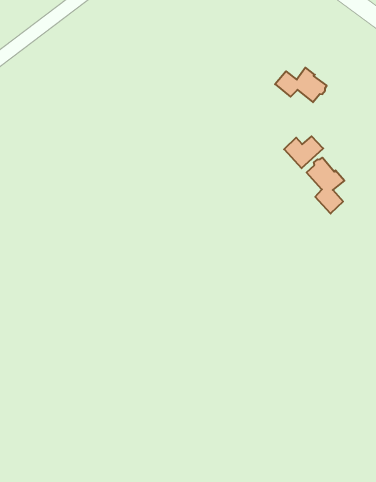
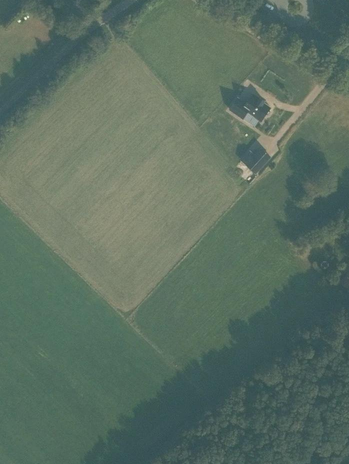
building: [307,158,344,214] -> none

